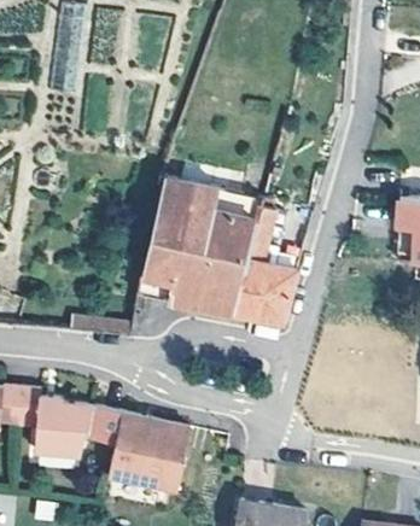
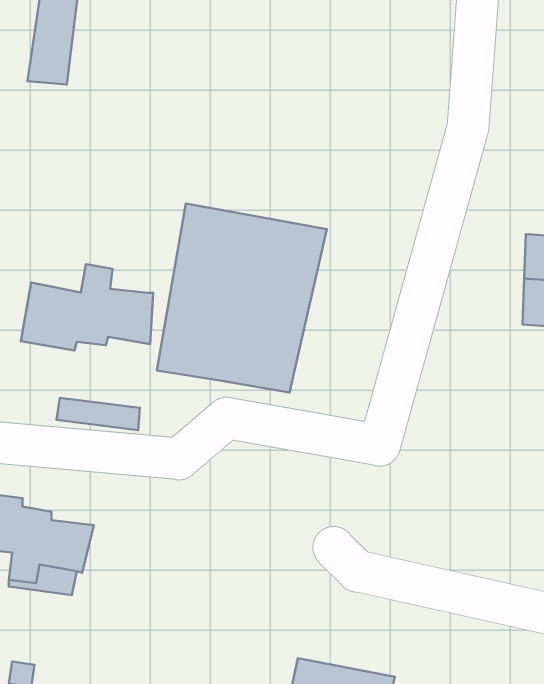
building: [235,195,303,321] -> none
building: none -> [21,264,153,350]
building: [88,405,192,489] -> none

